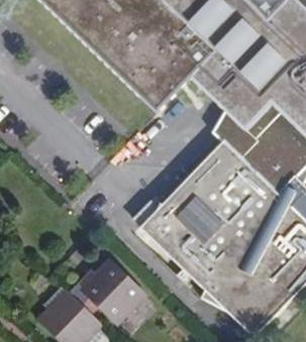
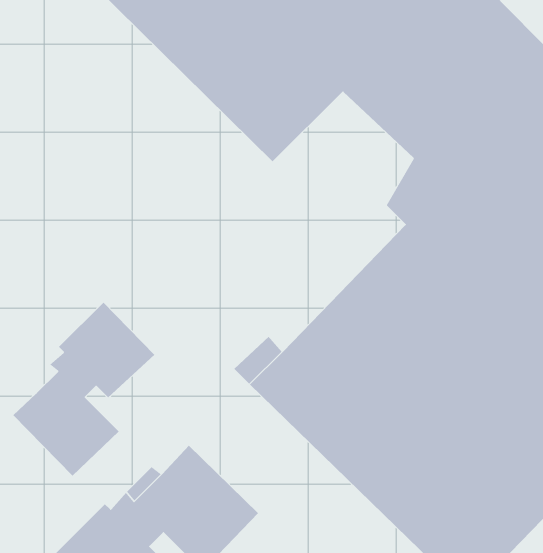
building: none -> [13,302,155,477]

